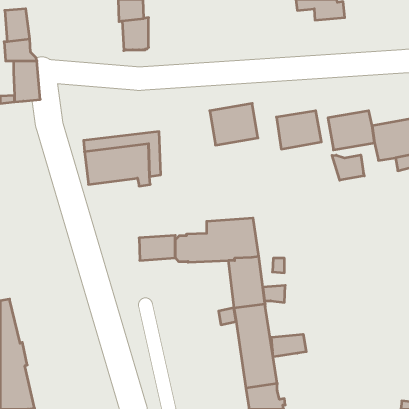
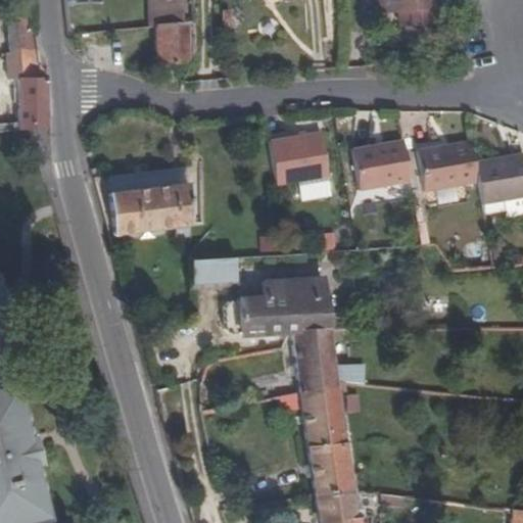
building: [332,155,364,180] -> none
building: [139,235,175,260] -> [191,257,237,289]
building: [272,334,306,357] -> none

